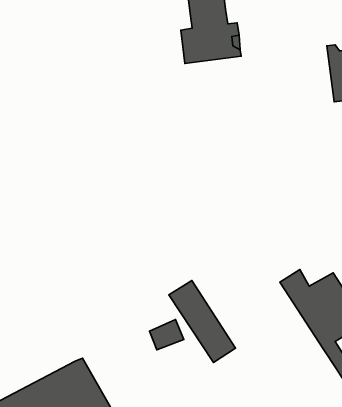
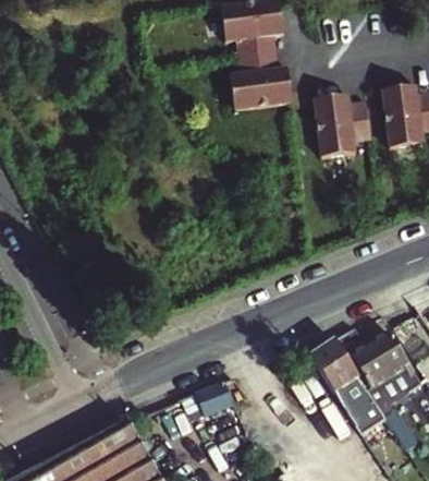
building: none -> [314,97,372,160]
building: [169,280,236,363] -> [309,340,379,426]

